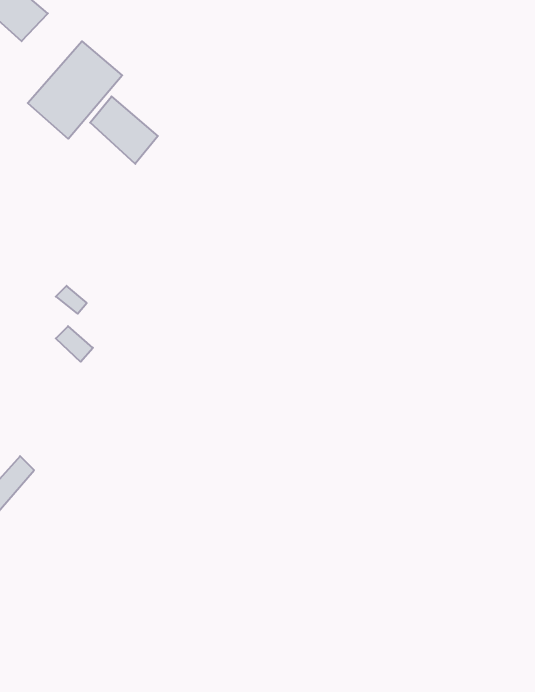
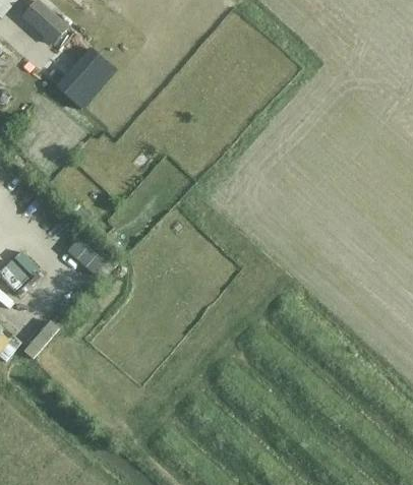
building: [90,96,158,164] -> none

